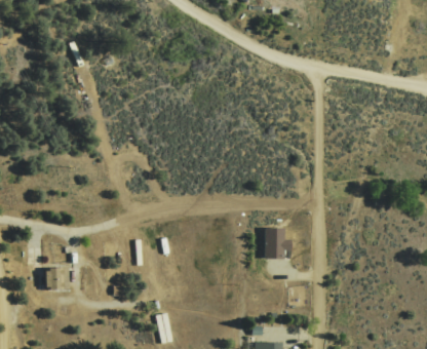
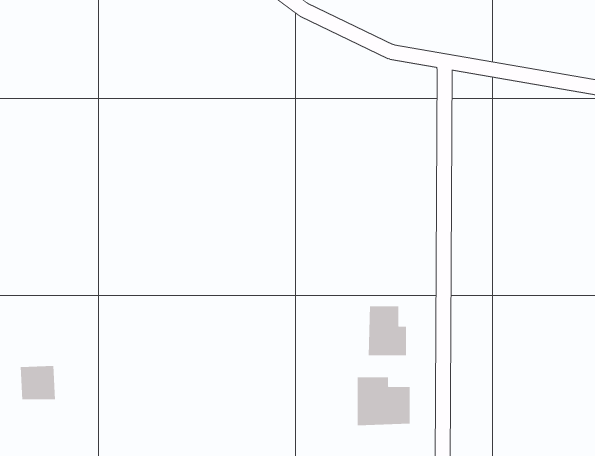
building: none -> [357,376,410,426]

